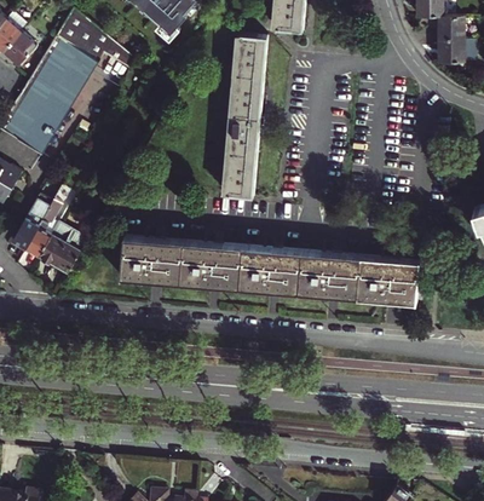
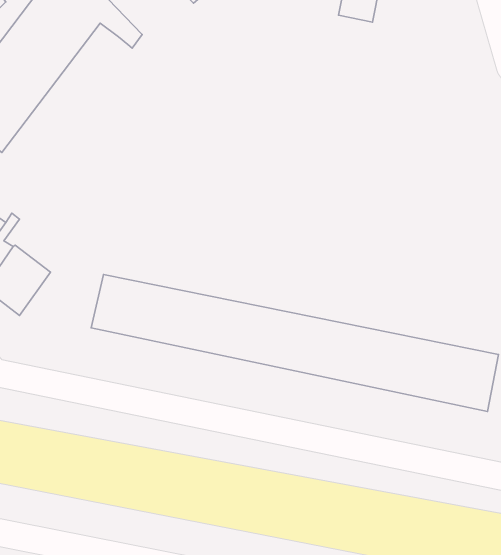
building: [227,35,266,197] -> none

